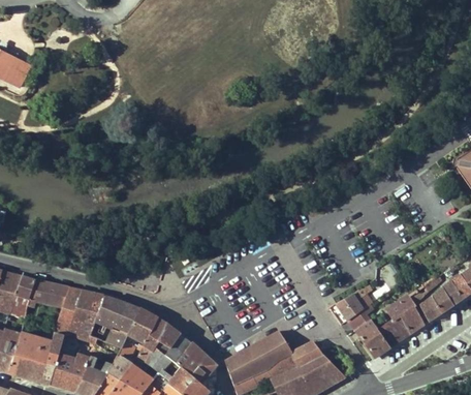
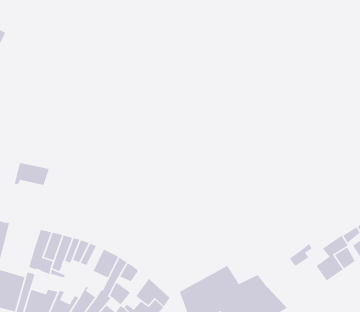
building: [28,279,68,306] -> [14,162,50,186]
building: [336,282,372,320] -> none
building: [104,305,139,347] -> none
building: [355,318,390,357] -> none
building: [154,333,190,362] -> none

